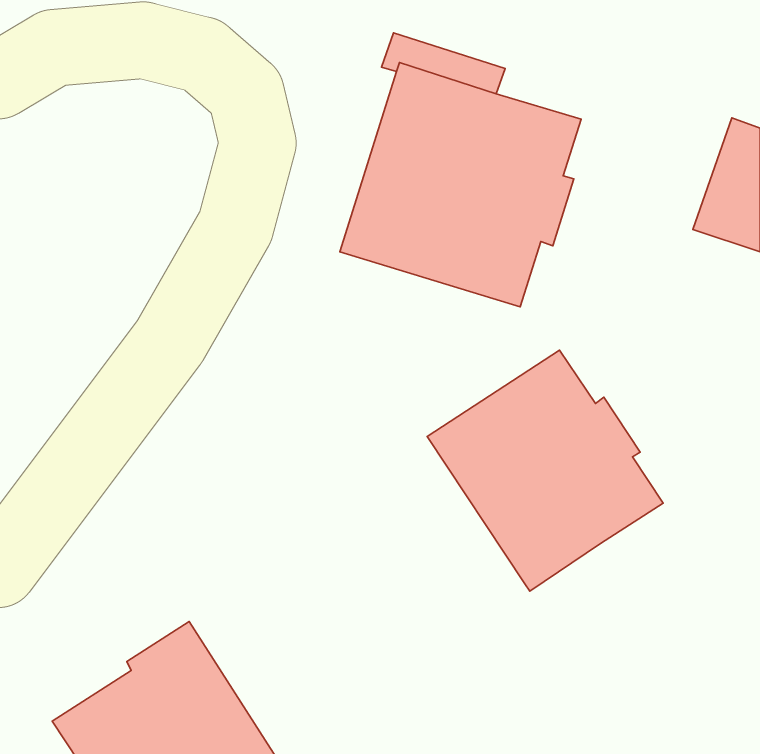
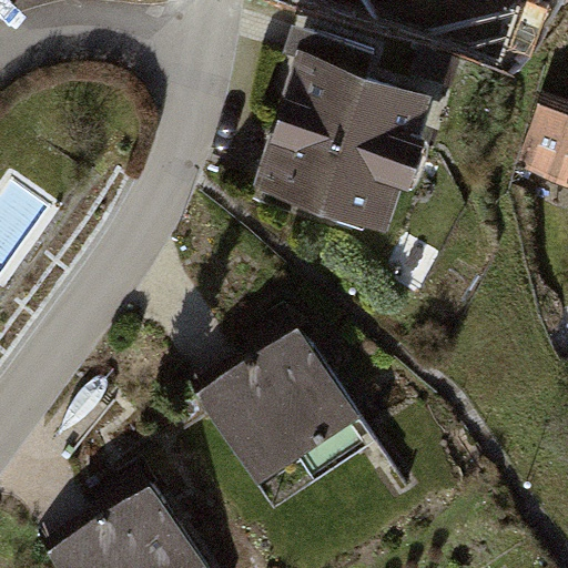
building: [427,350,663,591] -> none
building: none -> [201,329,373,507]

